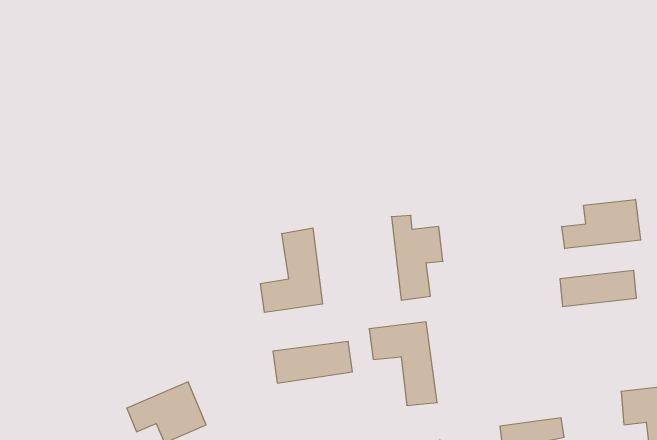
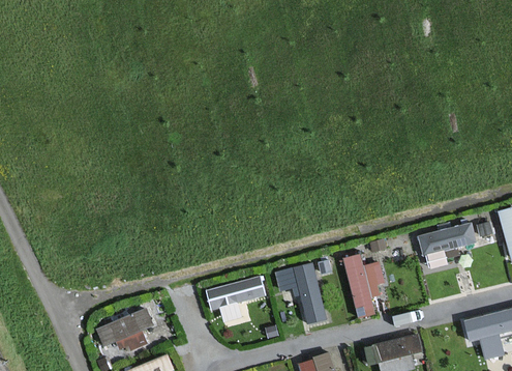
building: [562,199,641,249] -> none
building: [391,215,443,300] -> [348,254,386,317]
building: [261,228,323,312] -> none

